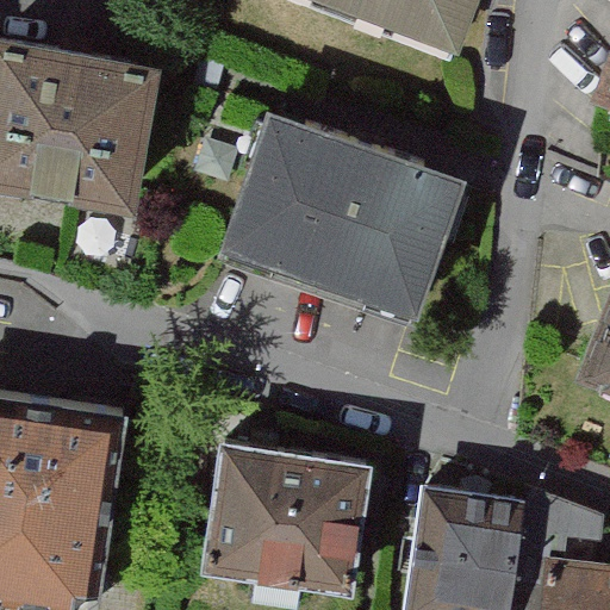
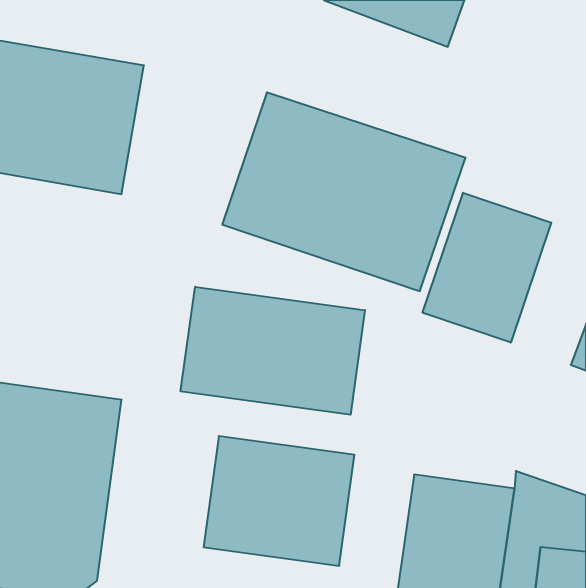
building: none -> [423,193,551,343]
building: none -> [181,287,365,415]

